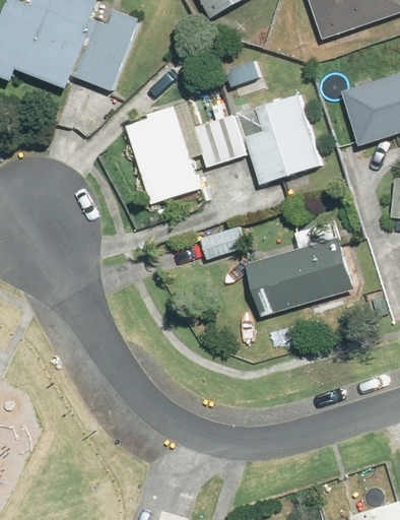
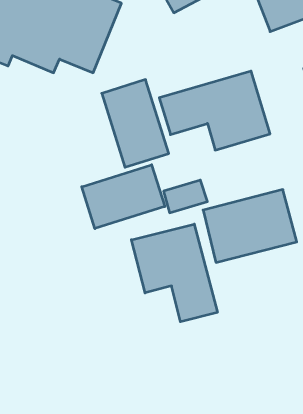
building: none -> [82,165,165,229]
building: none -> [131,224,217,322]

